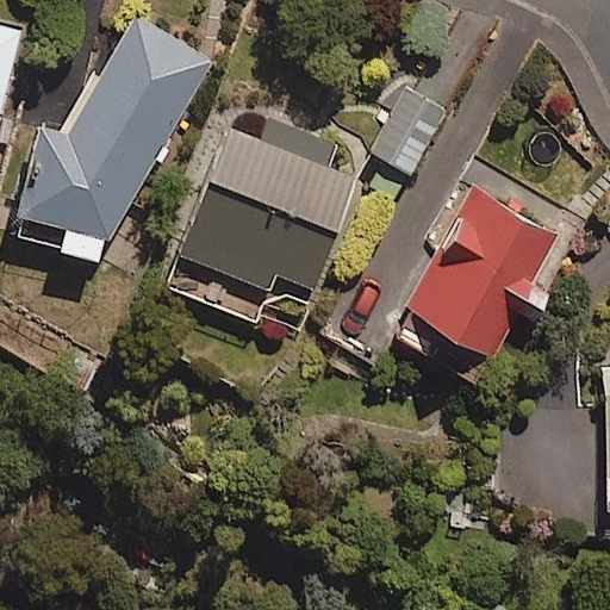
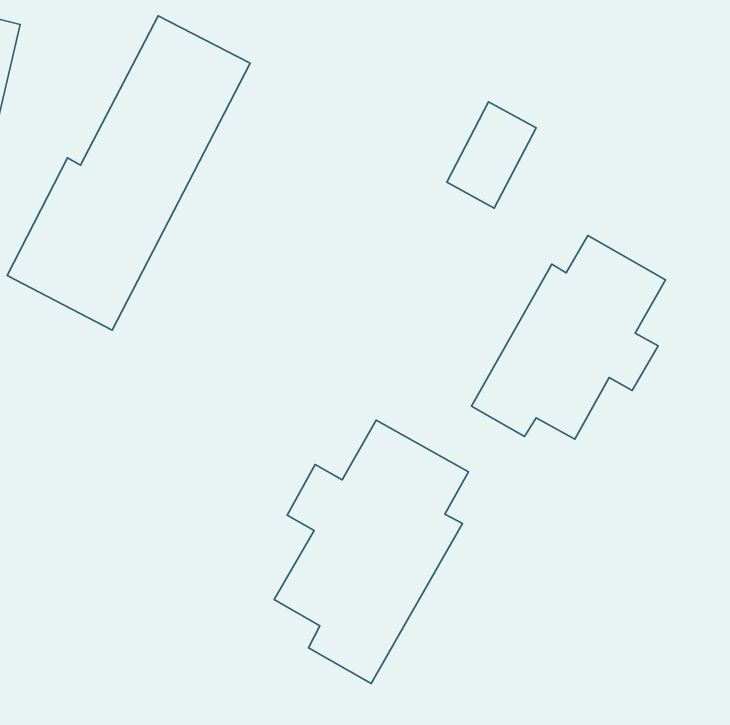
building: [185,117,355,294] -> none
building: none -> [274,420,469,683]

